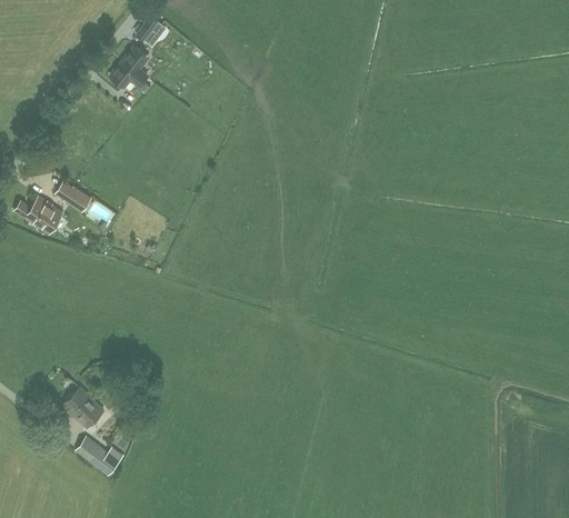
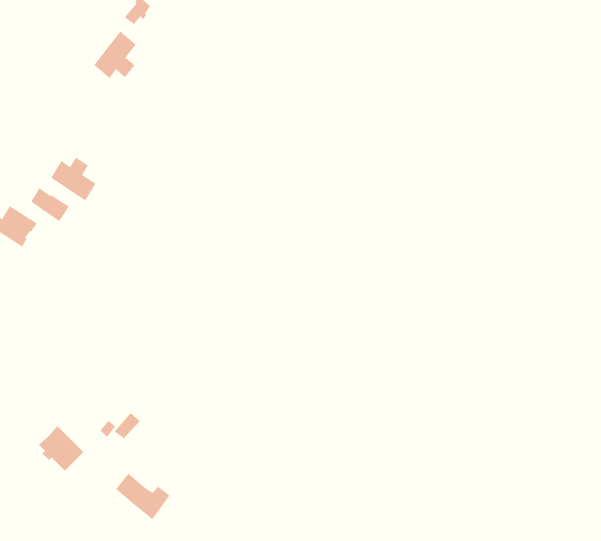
building: none -> [50,157,96,201]
building: [77,435,124,476] -> [115,473,171,520]

